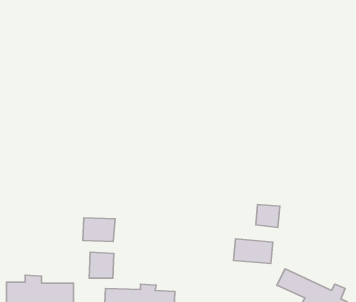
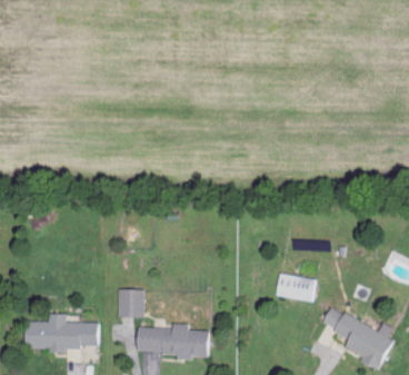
building: [256,204,280,228] -> none
building: [83,218,115,242] -> none

